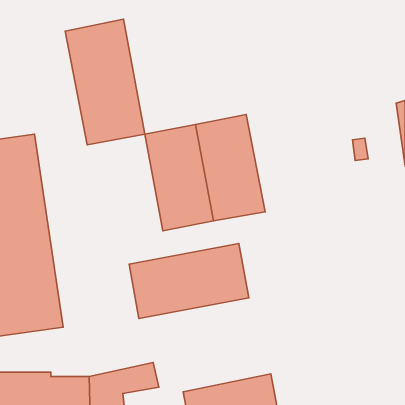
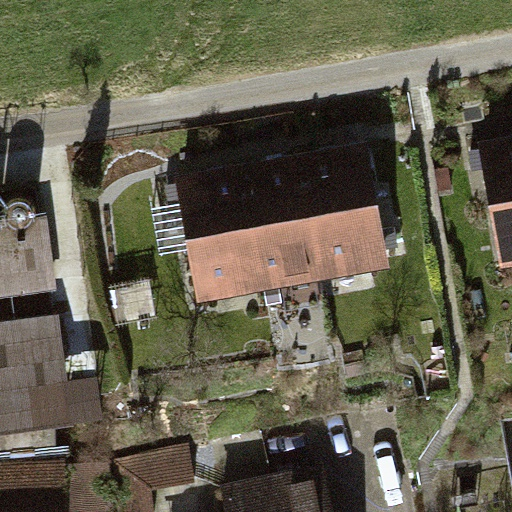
building: [65,19,145,145] -> none
building: none -> [301,145,386,275]
building: [129,244,249,318] -> none

